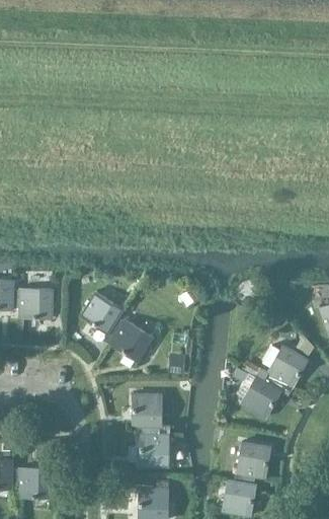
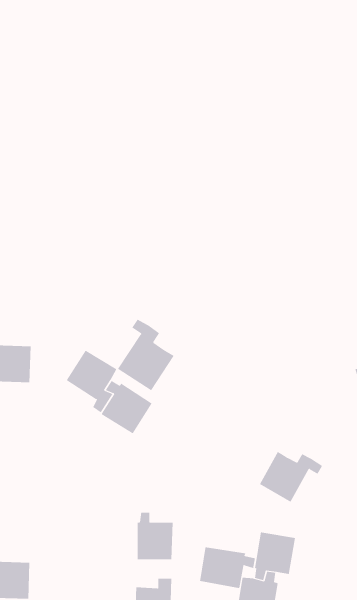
building: none -> [117,319,175,391]
building: [256,345,309,387] -> none
building: [132,393,163,434] -> none
building: none -> [199,546,255,589]

